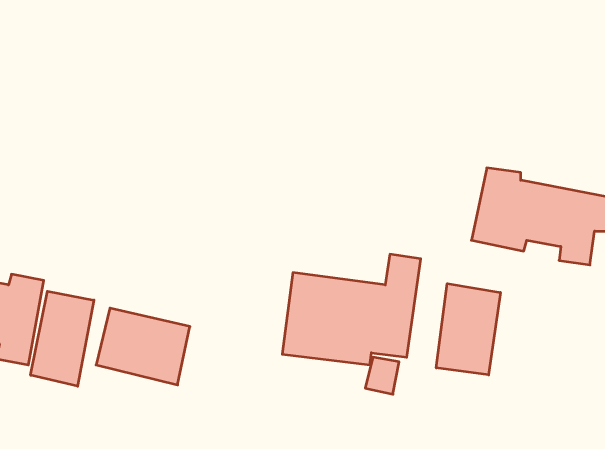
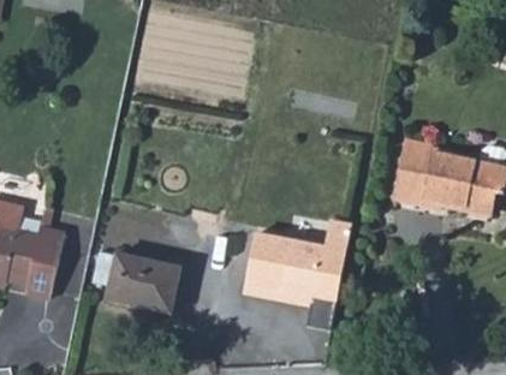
building: [436,284,500,375] -> none
building: [31,291,94,386] -> none

